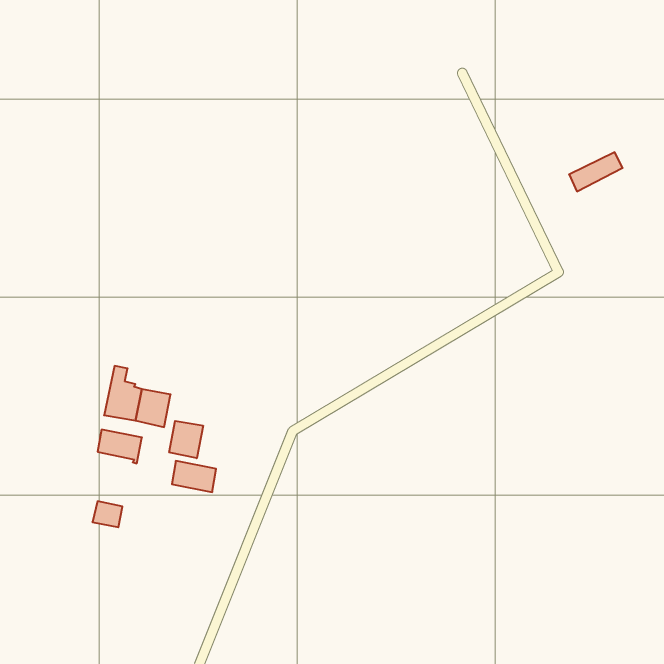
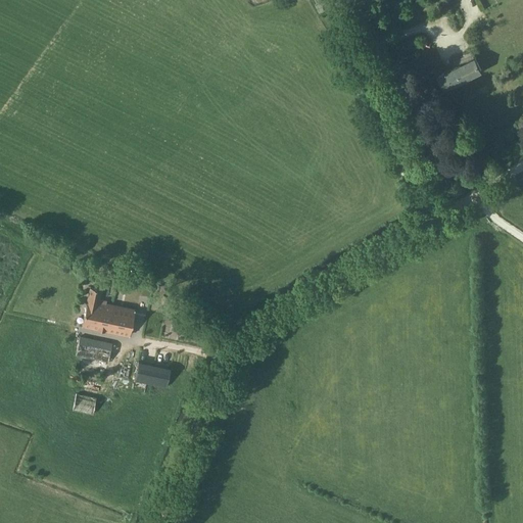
building: [569,152,623,191] -> [439,59,481,90]
building: [169,421,203,458] -> none

